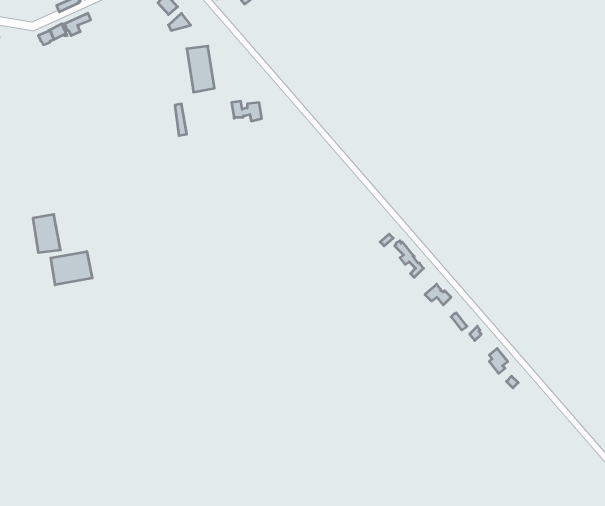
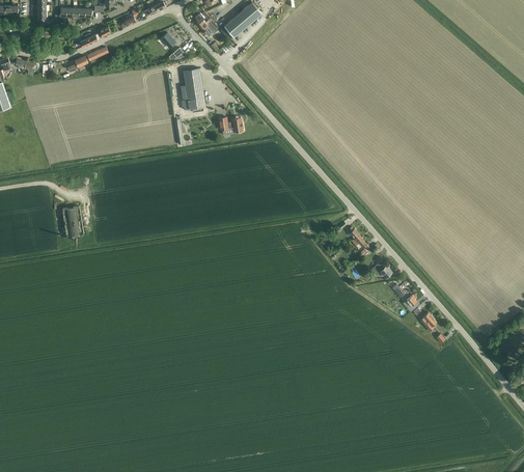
building: [51,251,92,285] -> none

